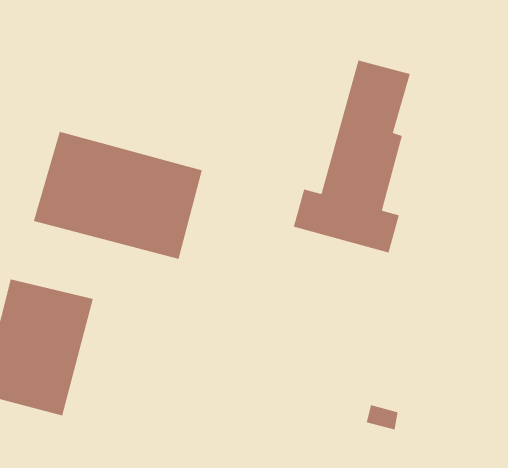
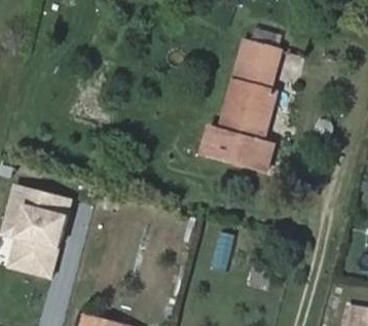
building: [33,131,203,260] -> none

